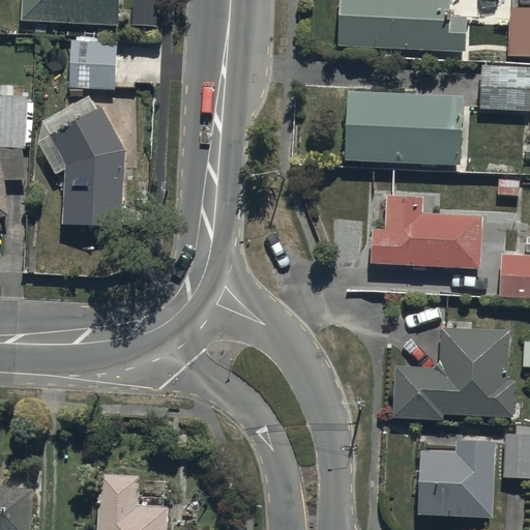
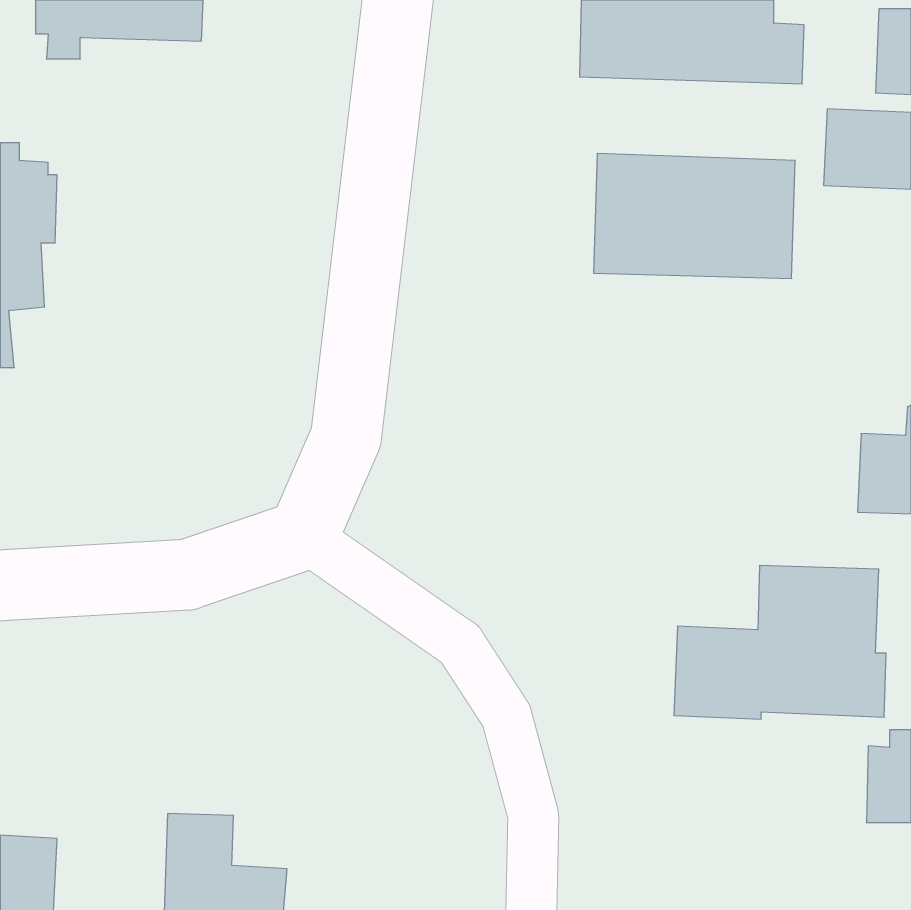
building: [37,35,123,225] -> none
building: [372,193,482,267] -> none
building: [417,439,495,516] -> none

